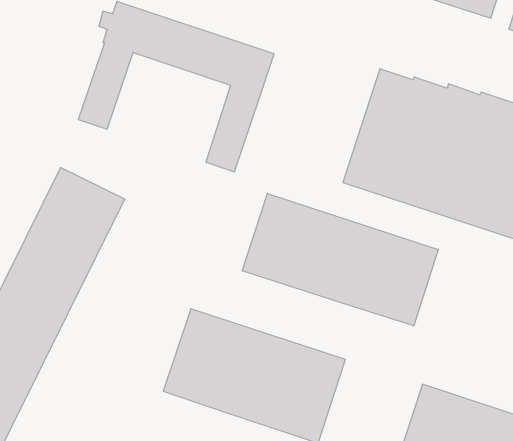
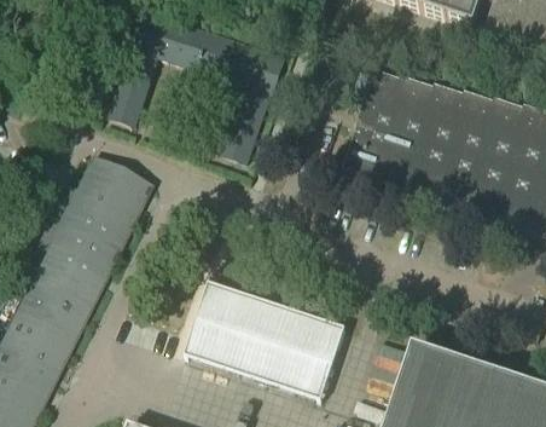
building: [242,193,438,326] -> none

